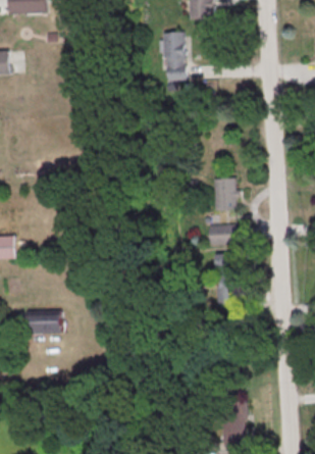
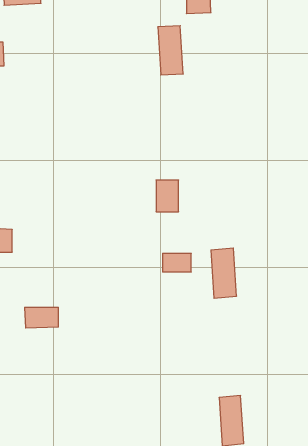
building: [215,178,238,209] -> [156,180,179,212]
building: [211,224,240,243] -> [163,253,191,272]

